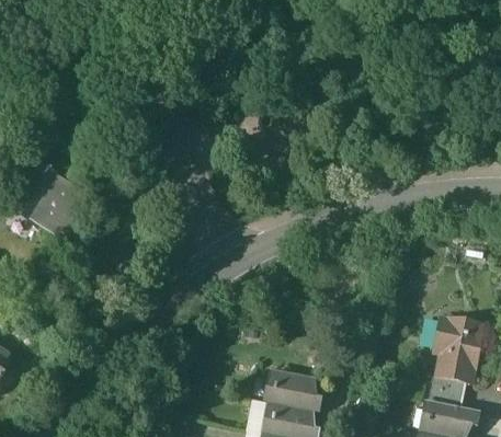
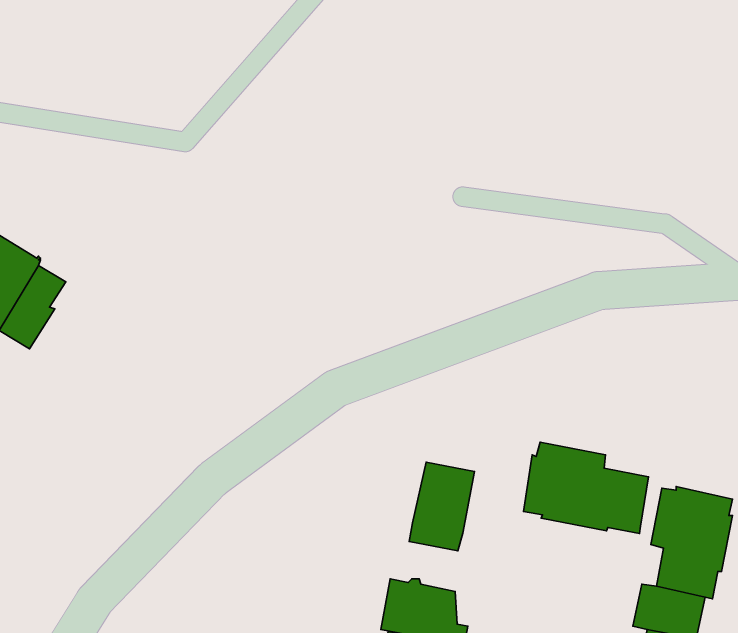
building: none -> [523,442,648,533]
building: none -> [409,462,475,551]

